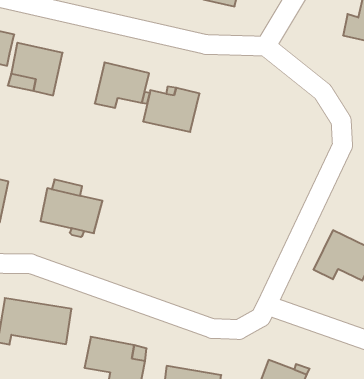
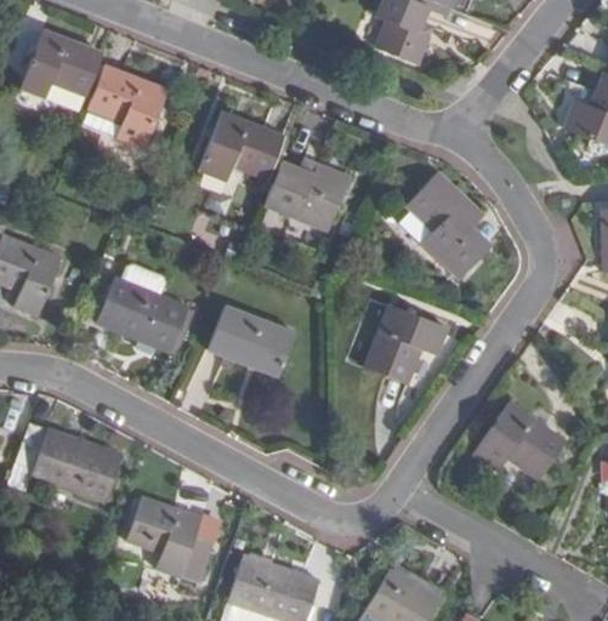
building: none -> [407,172,490,275]
building: none -> [364,303,447,383]
building: none -> [209,304,295,375]

